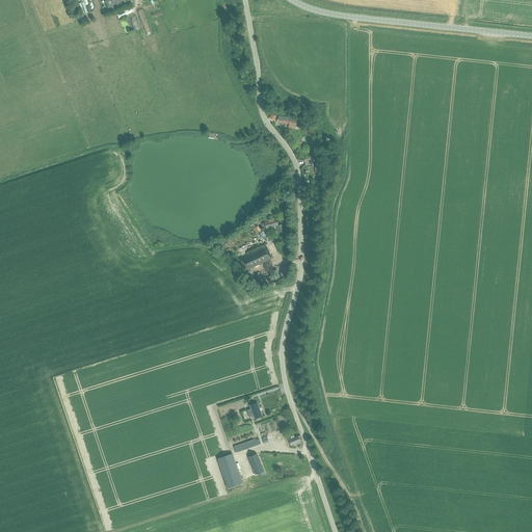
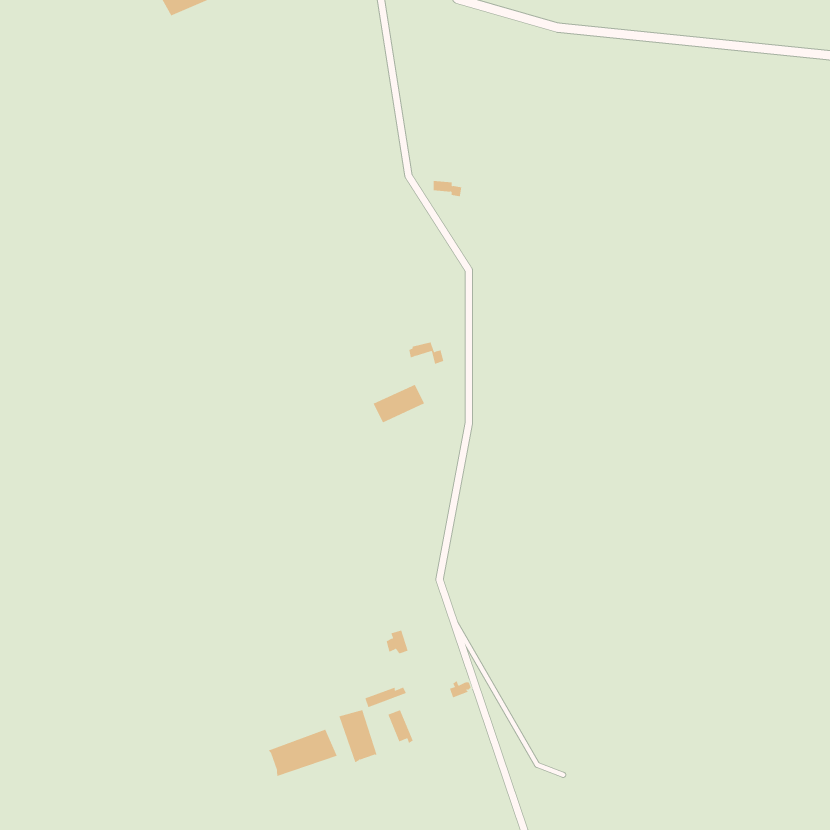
building: none -> [268,729,337,777]

